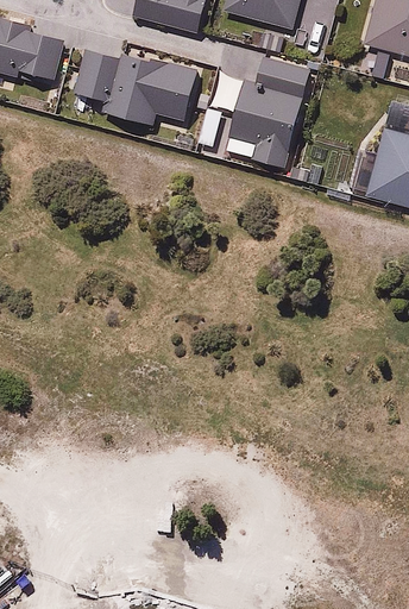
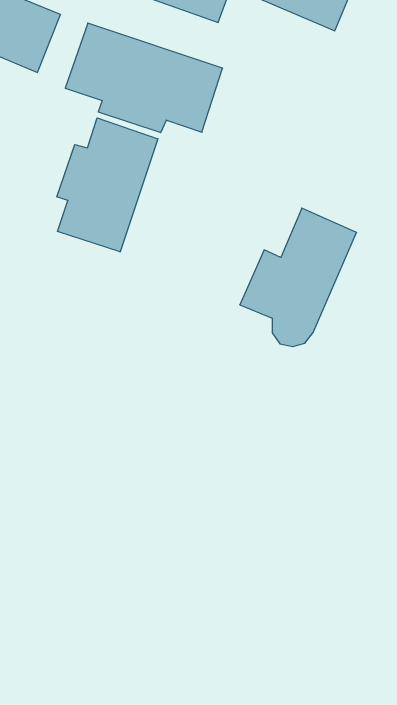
building: [226,56,315,169] -> [240,208,357,347]
building: none -> [57,118,158,252]

